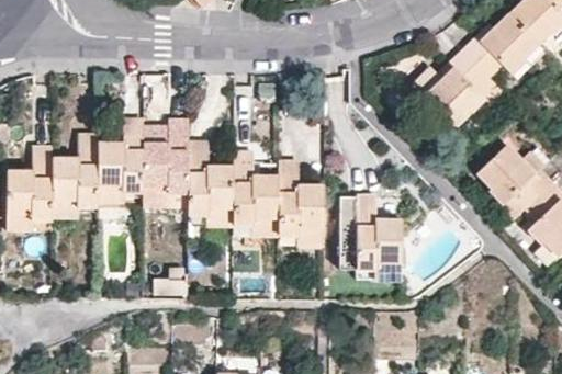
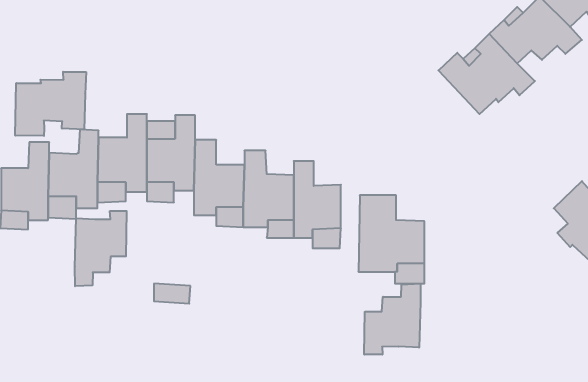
building: none -> [15,72,86,136]
building: [475,146,550,209] -> none
building: none -> [75,211,127,286]
building: none -> [364,284,421,355]

